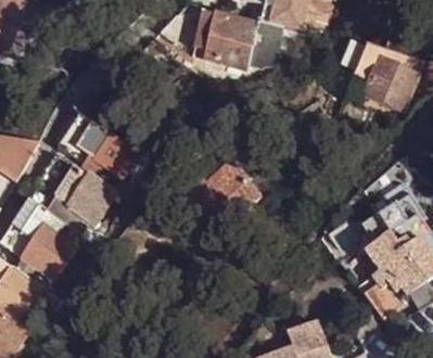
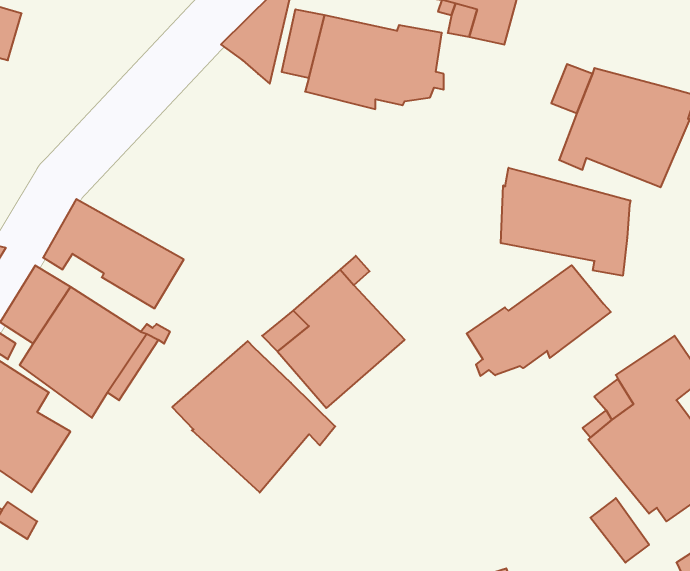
building: none -> [501,168,630,276]
building: none -> [467,265,611,376]
building: none -> [172,341,335,493]

